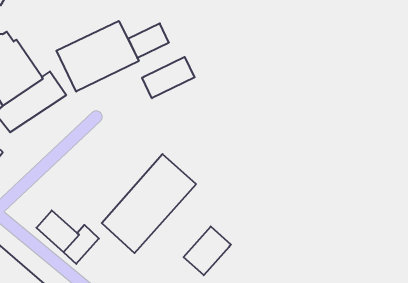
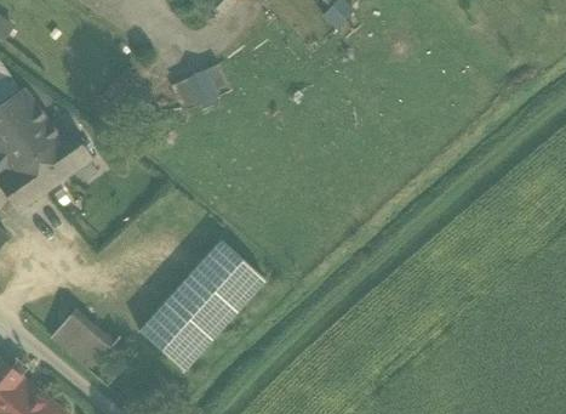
building: [56,21,139,92] -> none
building: [142,57,195,98] -> none
building: [184,226,231,275] -> none

